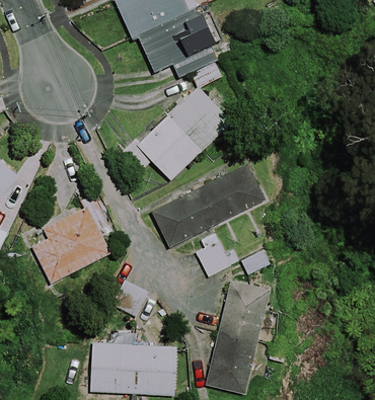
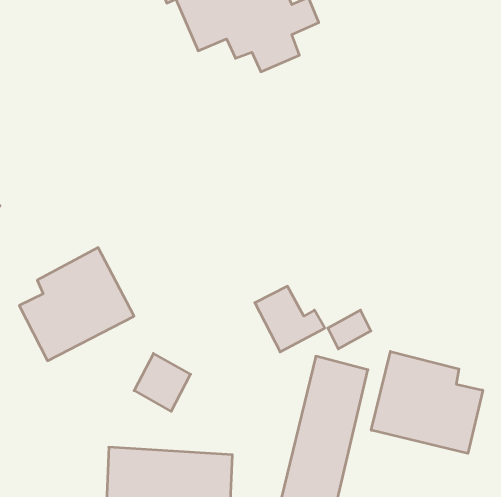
building: [123,86,232,179] -> none
building: [152,168,255,245] -> none
building: none -> [371,351,483,453]

